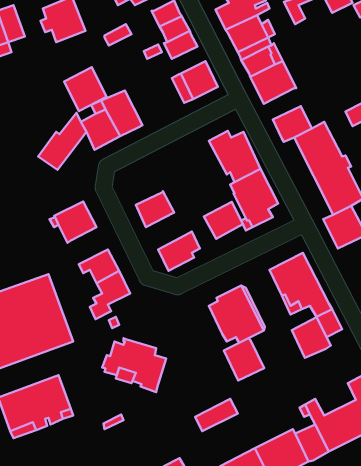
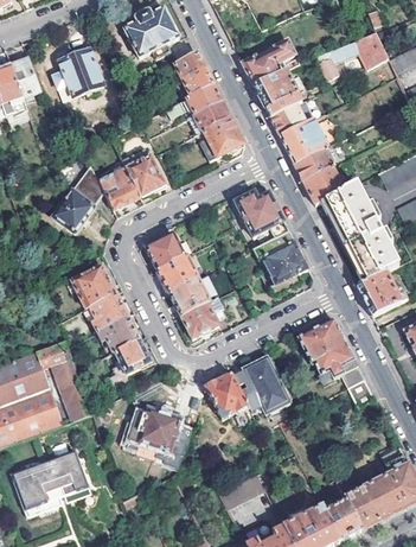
building: none -> [194,101,231,131]
building: [64,67,106,111] -> none
building: none -> [293,145,334,178]
building: none -> [146,231,185,268]
building: [204,202,243,239] -> [168,276,210,316]
building: none -> [89,292,128,331]
building: [292,317,331,358] -> none
building: [224,338,264,381] -> [206,373,249,418]

